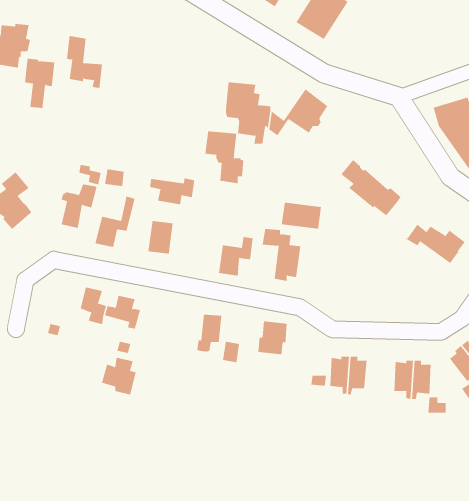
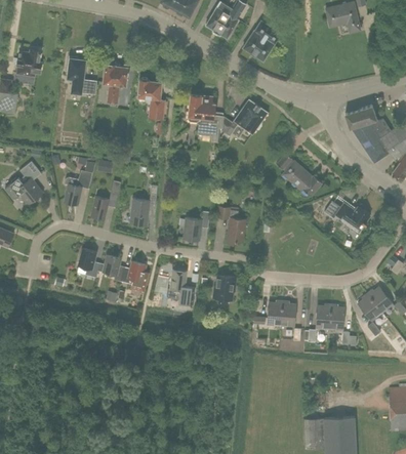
building: [24,58,55,108] -> [104,64,127,101]
building: [205,131,244,184] -> [137,79,167,119]
building: [149,178,195,205] -> none
building: [281,202,322,230] -> none
building: [101,357,136,395] -> [121,260,148,289]

